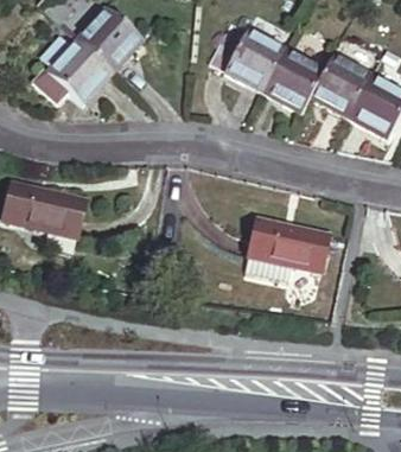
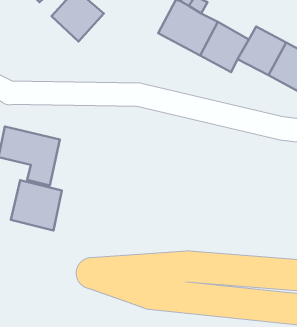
building: [33,40,107,106] -> none
building: [243,216,327,279] -> none
building: none -> [11,180,62,231]

